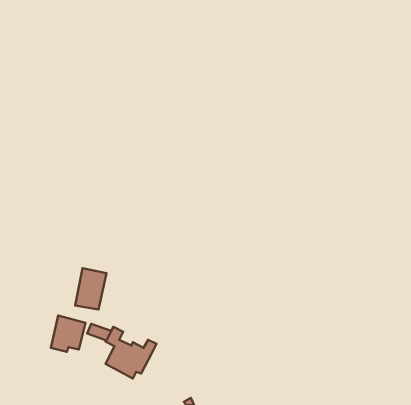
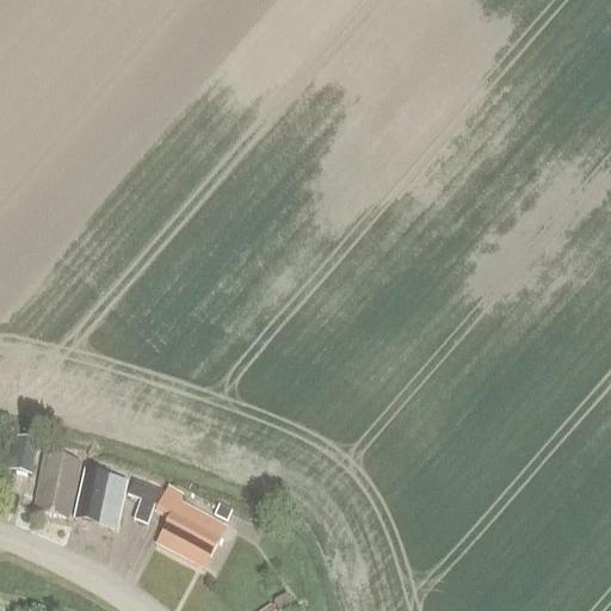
building: [75,268,107,309] -> [35,452,81,513]
building: none -> [10,433,38,469]

